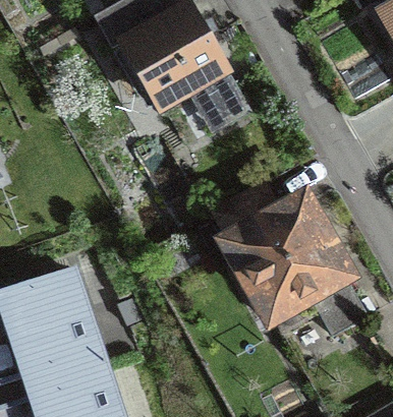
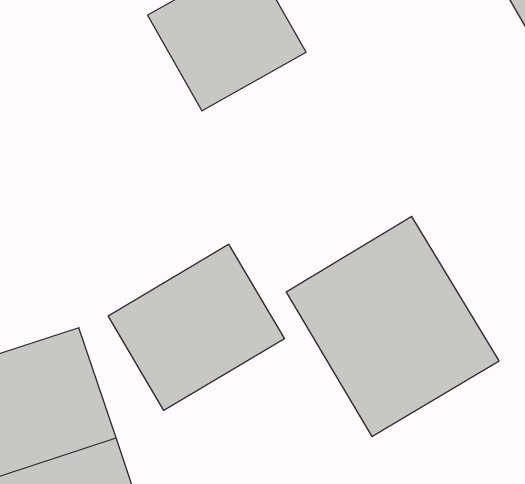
building: none -> [108,244,284,410]

